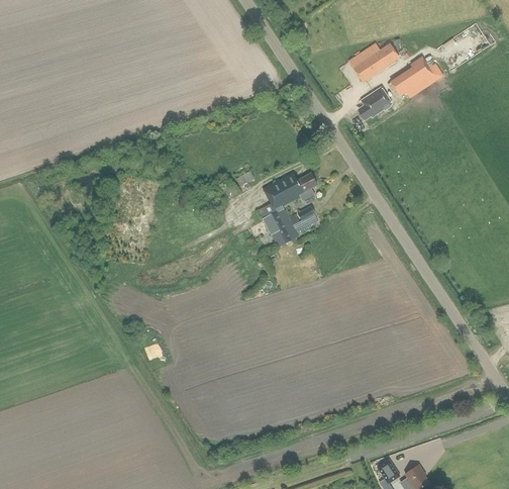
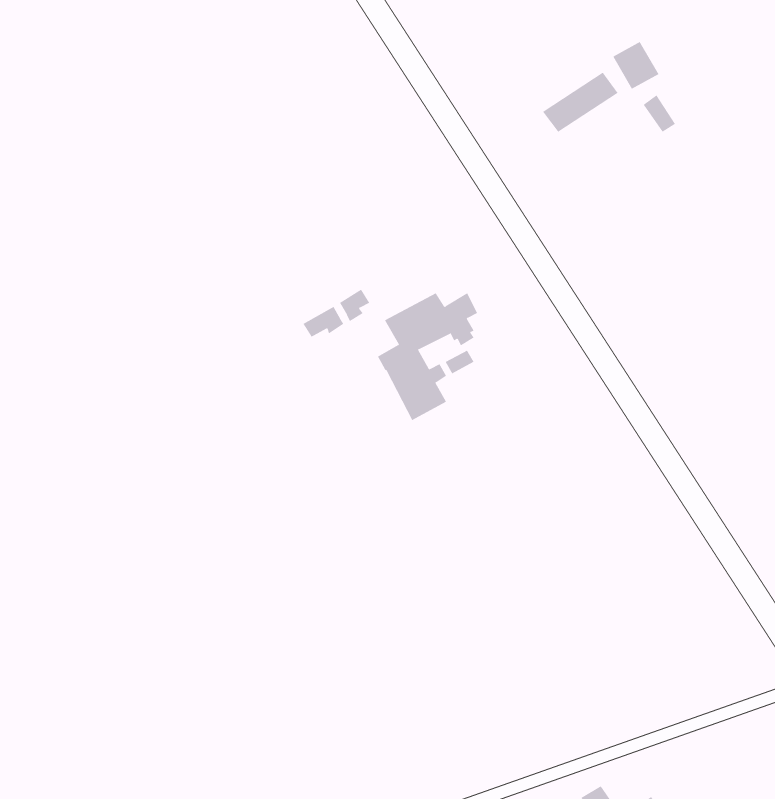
building: [388,64,415,92] -> [612,41,659,90]
building: [359,87,391,118] -> none

